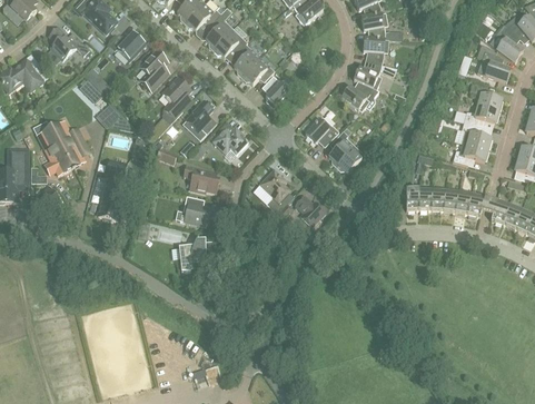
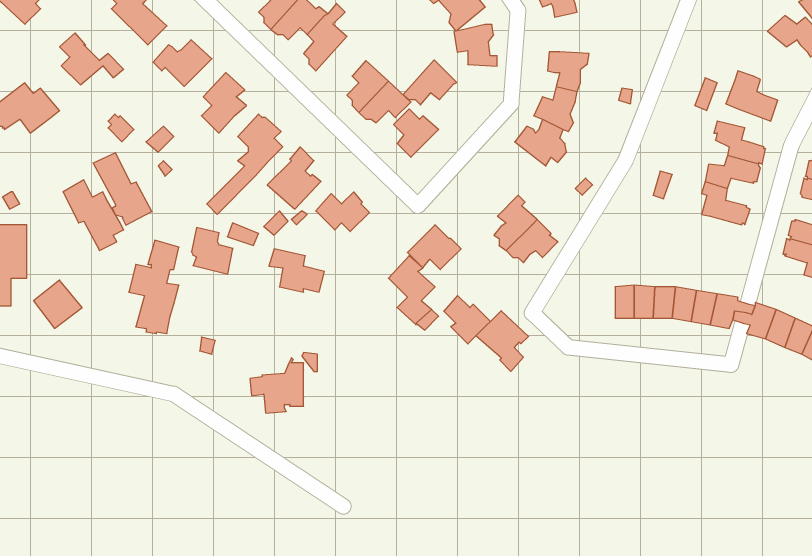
building: [360,12,388,39] -> [454,25,497,66]
building: [487,24,522,62] -> none
building: [212,28,247,57] -> [403,60,457,105]
building: [304,116,338,145] -> [407,225,461,270]
building: [36,128,73,175] -> [93,153,152,225]
building: [452,144,488,165] -> none
building: [182,195,209,225] -> [191,228,233,274]
building: none -> [476,311,529,371]

